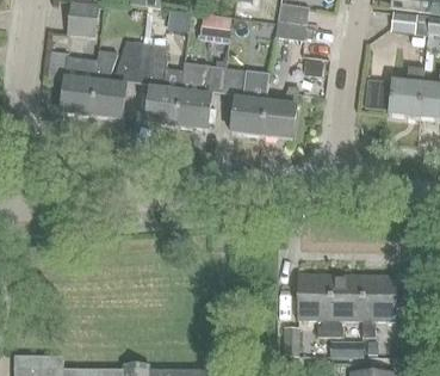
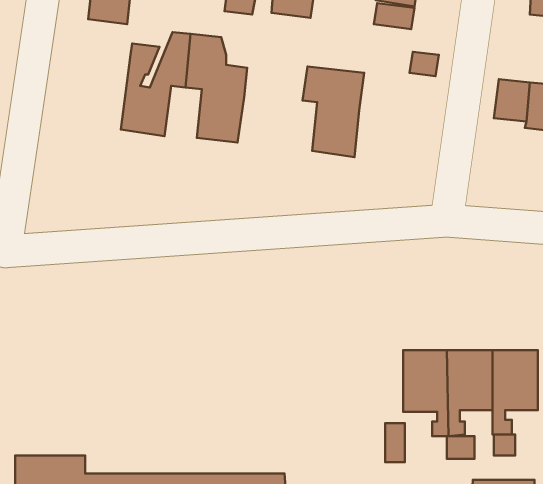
building: [48,51,97,115] -> none
building: [175,63,227,128] -> none
building: [261,86,298,138] -> none

